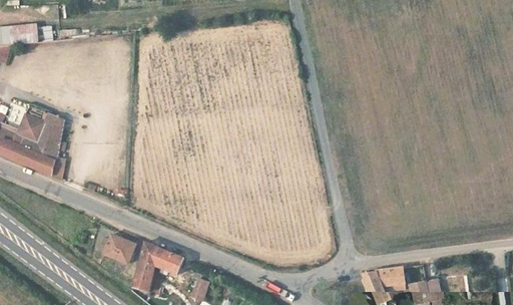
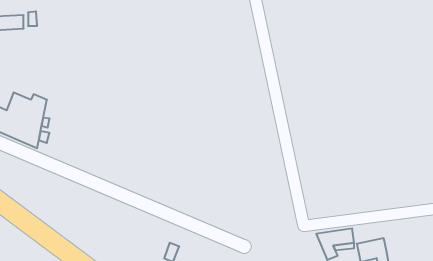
building: [103,236,134,264] -> none
building: [135,245,181,291] -> none

